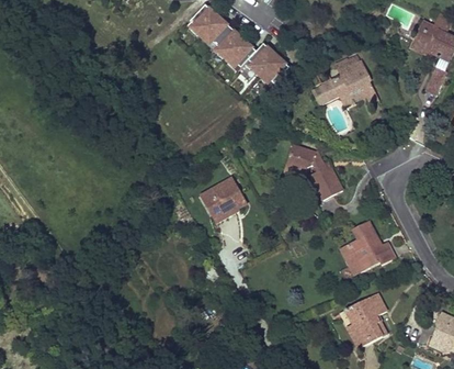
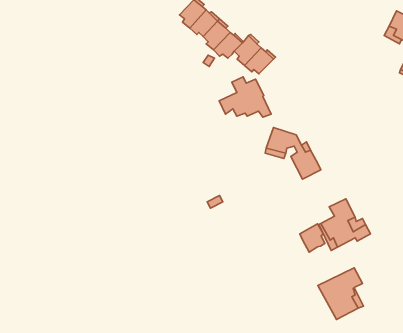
building: [322,59,377,102] -> [219,77,271,117]
building: [200,176,248,223] -> none
building: none -> [300,224,325,252]

